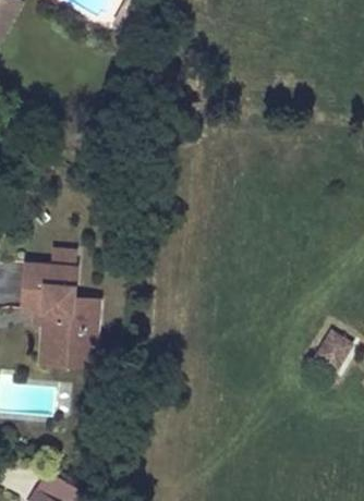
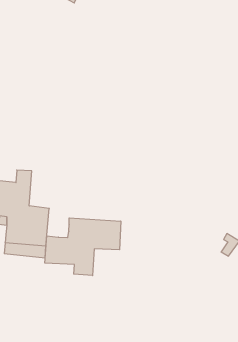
building: none -> [45,218,121,276]

